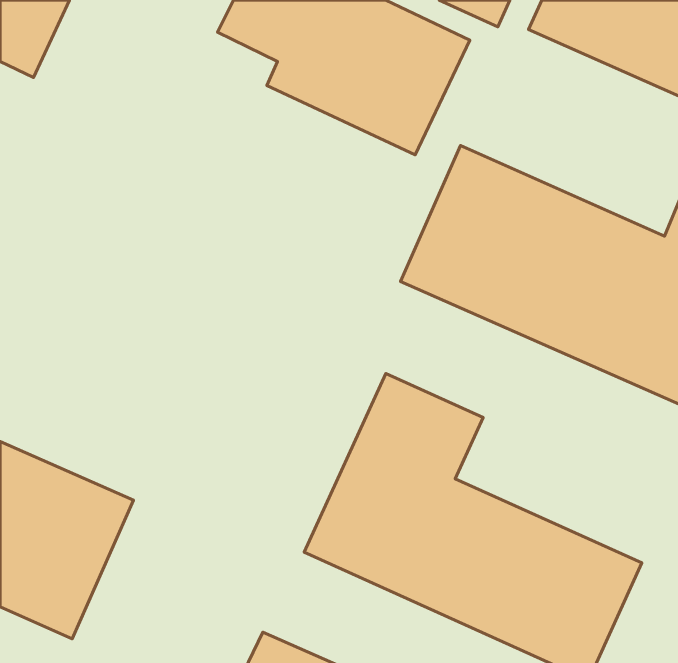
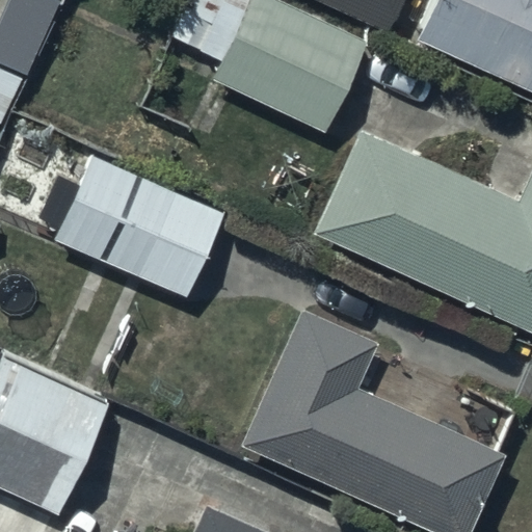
building: none -> [54,158,224,300]

